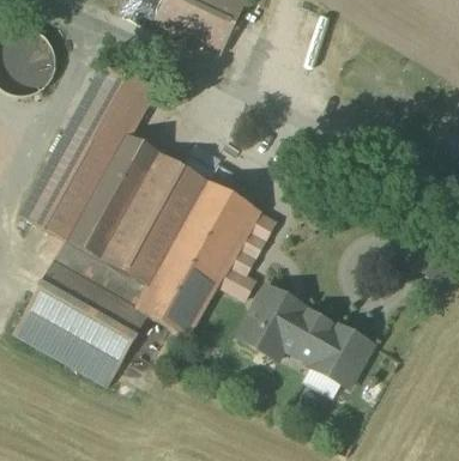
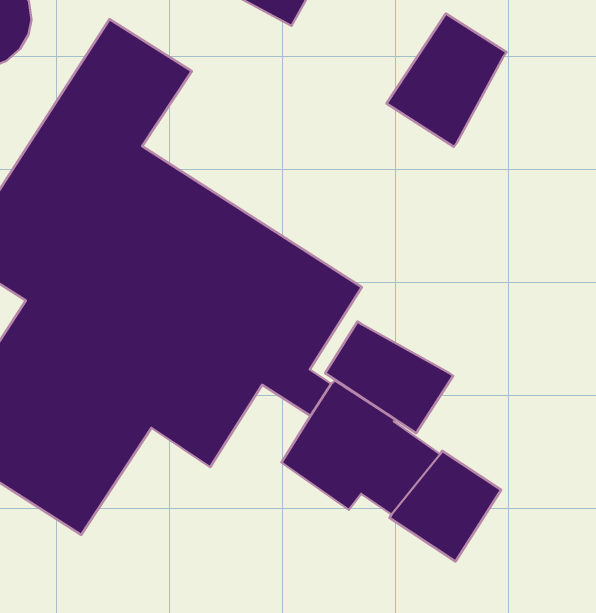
building: none -> [386,14,507,147]
building: none -> [325,322,453,433]

